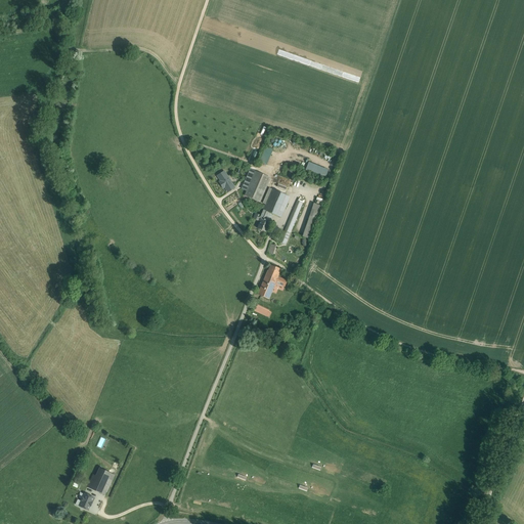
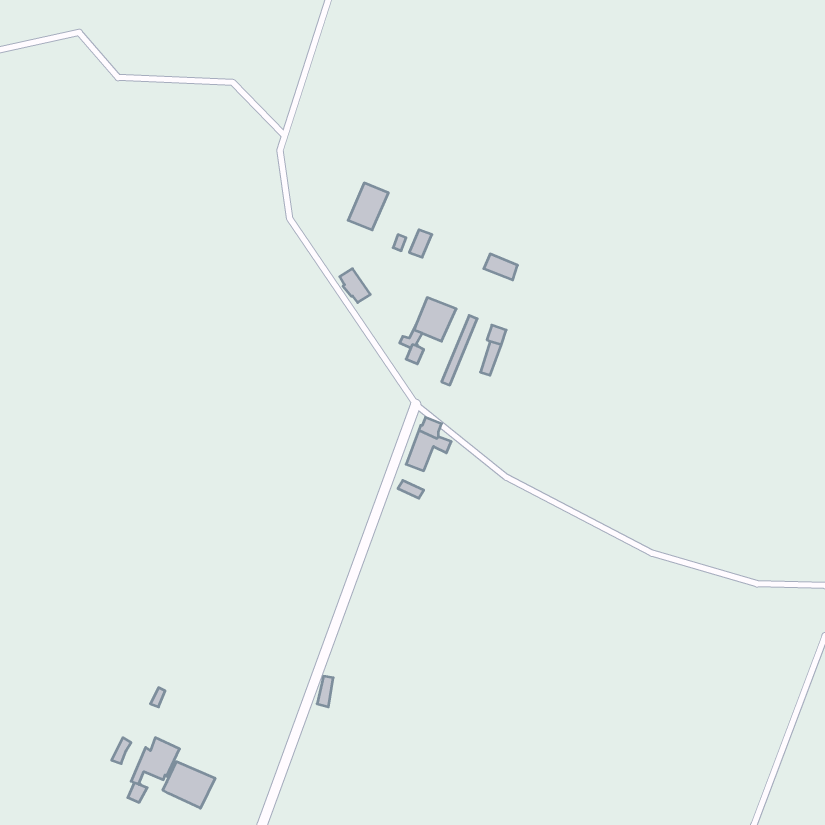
building: [244,171,269,201] -> [348,183,388,230]
building: none -> [163,762,215,808]

